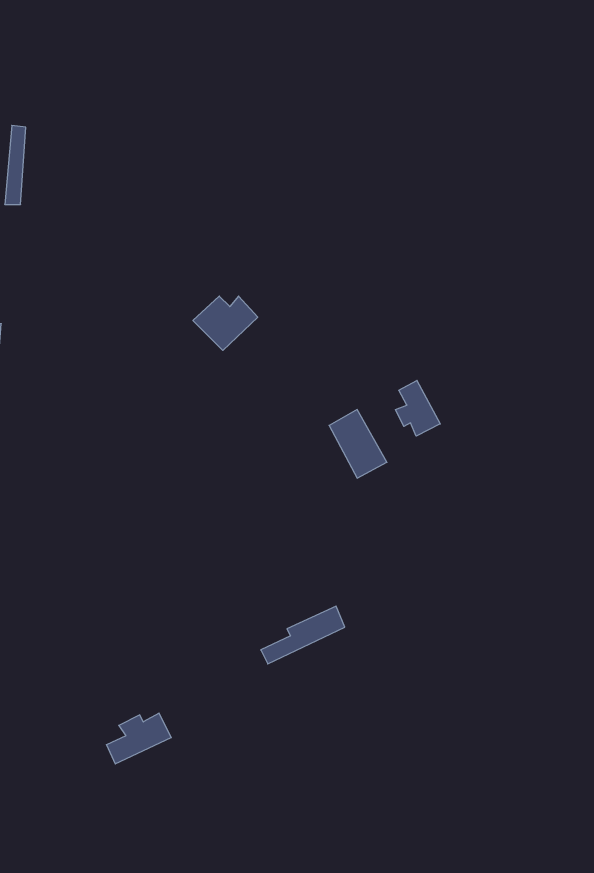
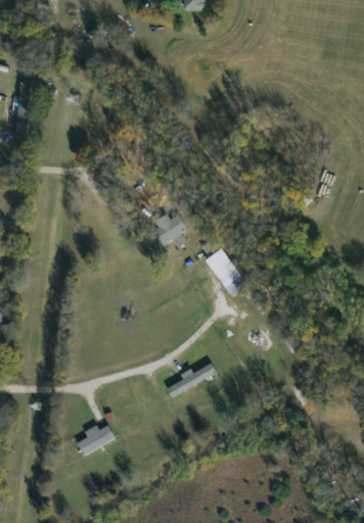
building: [193,296,258,350] -> [149,215,187,246]
building: [395,380,440,436] -> none

